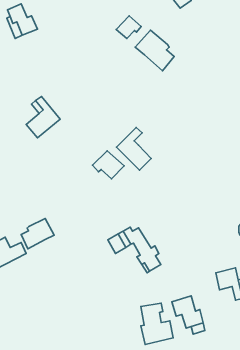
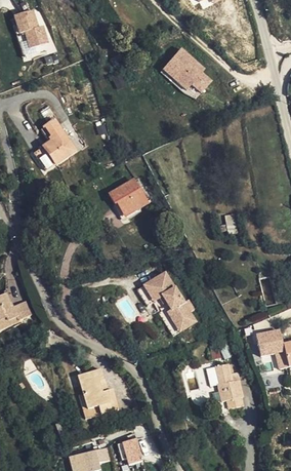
building: [116,16,141,39] -> none
building: [117,128,151,170] -> none
building: [21,218,54,249] -> none
building: [141,303,173,345] -> [81,364,120,415]

